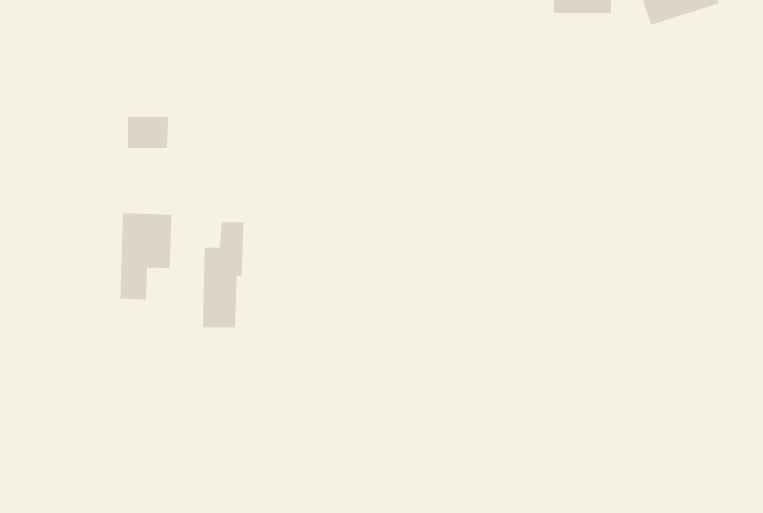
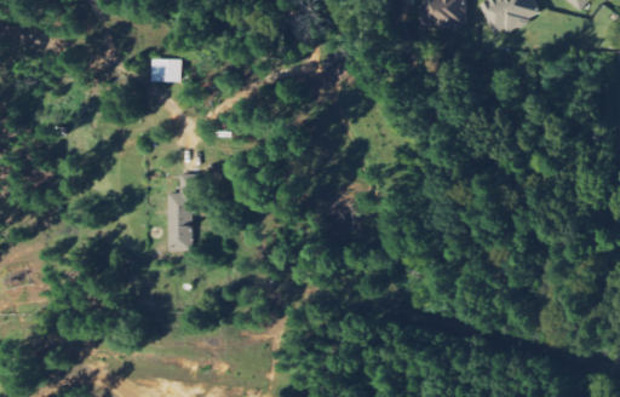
building: [127,116,169,148] -> [153,58,183,81]
building: [120,213,172,300] -> none

